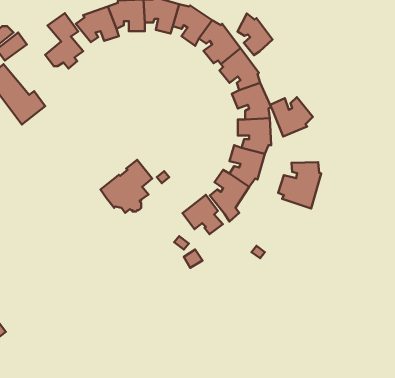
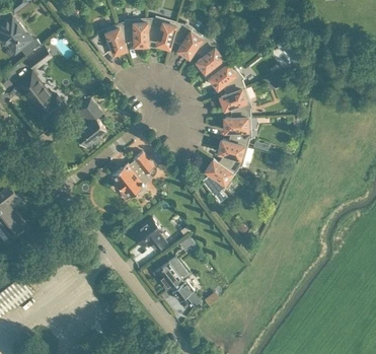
building: [45,13,83,68] -> [74,99,105,145]
building: [237,13,273,55] -> none
building: [270,97,313,137] -> none
building: [278,162,321,208] -> none
building: [182,195,223,234] -> [132,218,165,251]
building: none -> [155,257,193,302]

